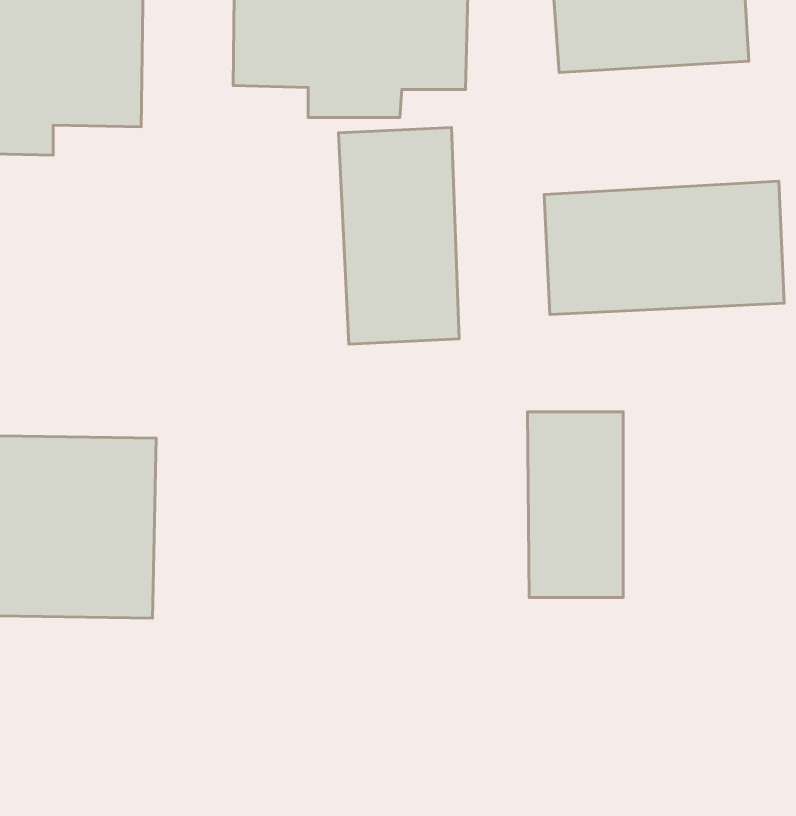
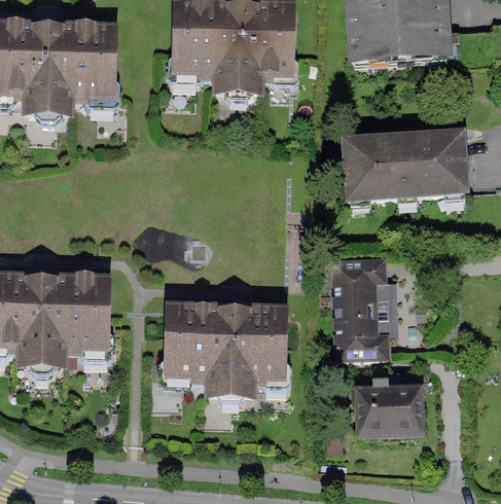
building: [339,127,459,344] -> none
building: none -> [163,305,292,393]
building: none -> [354,382,418,438]

